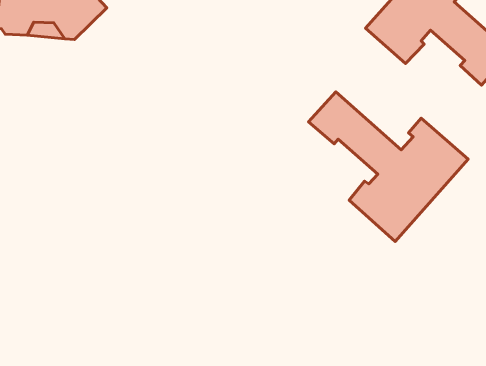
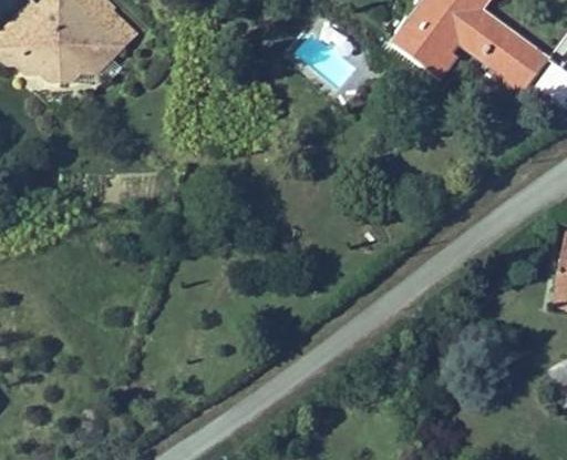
building: [309,92,468,241] -> none

